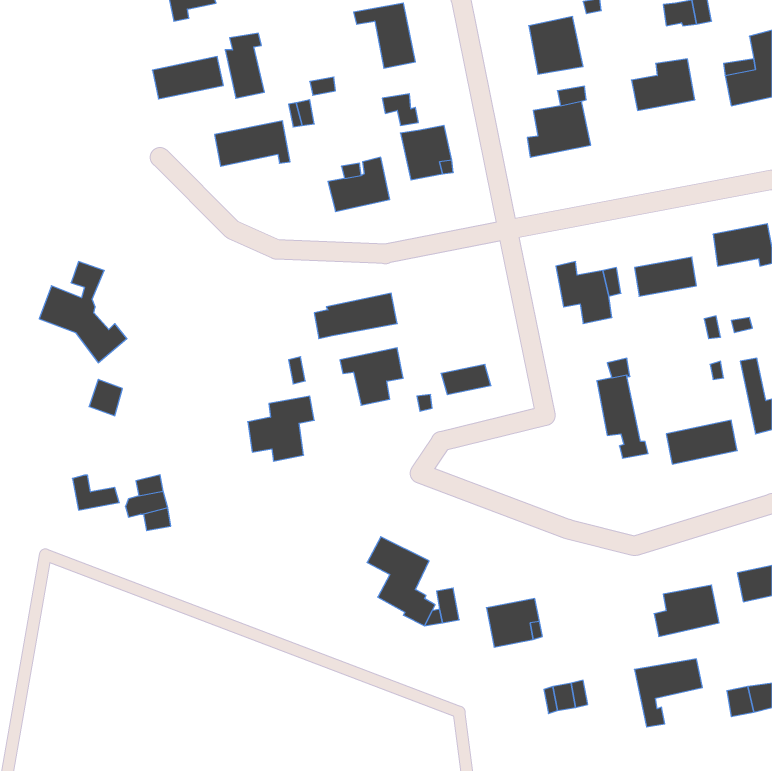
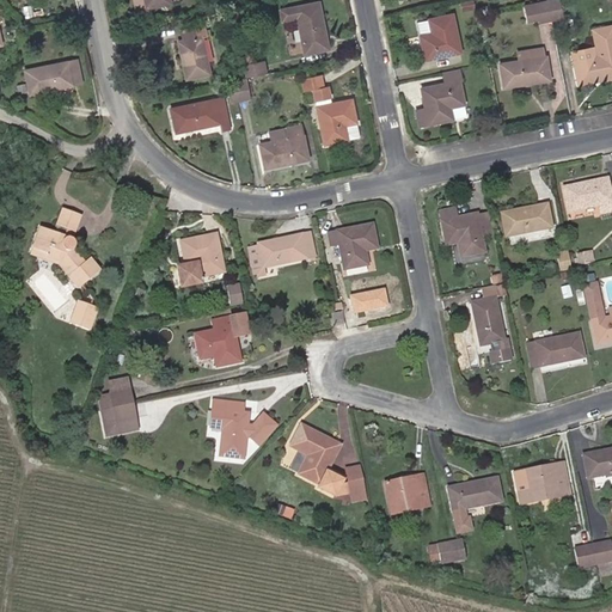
building: [152,57,223,99] -> [26,59,82,92]
building: none -> [178,233,224,287]
building: [340,348,403,405] -> [328,222,378,268]
building: [72,475,119,510] -> [102,406,139,434]
building: none -> [212,399,276,457]
building: [634,659,702,727] -> [448,477,502,531]

